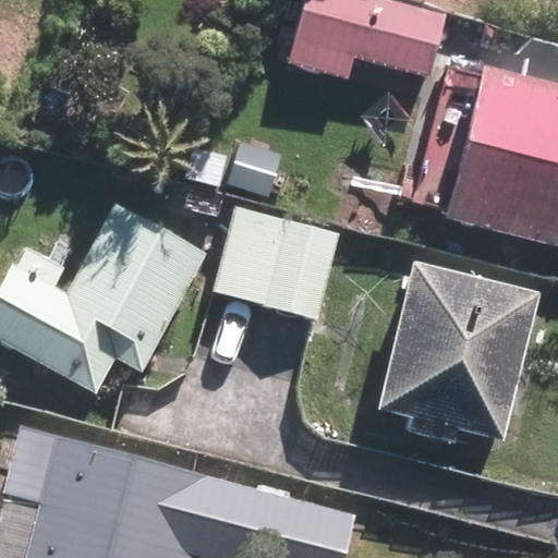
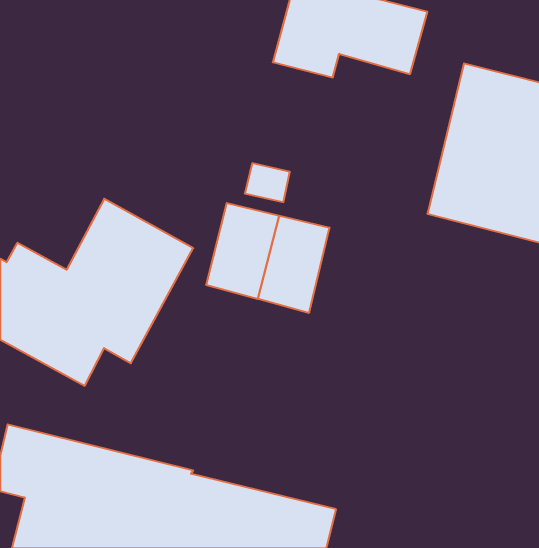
building: [374,260,544,446] -> none

